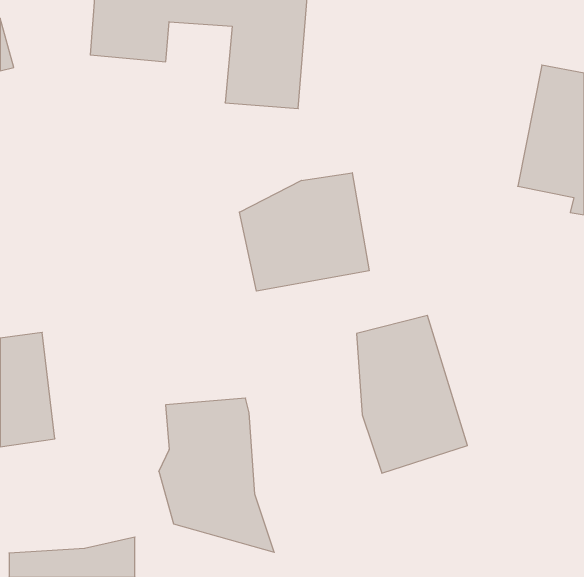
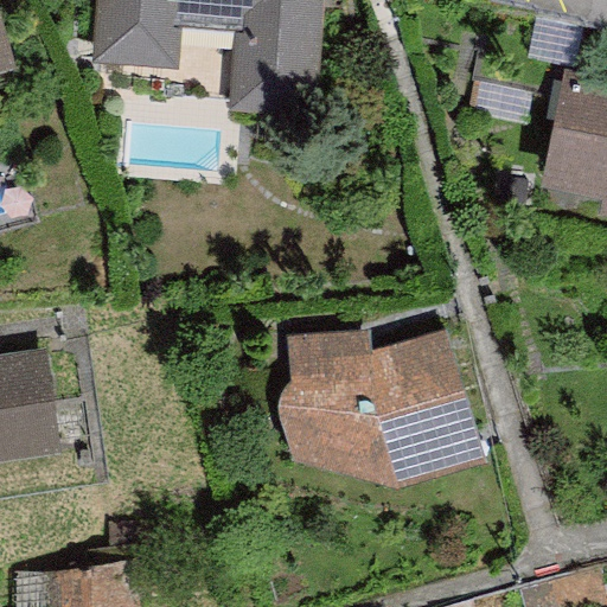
building: [239,173,369,291] -> none
building: [159,398,274,552] -> [276,331,396,491]

